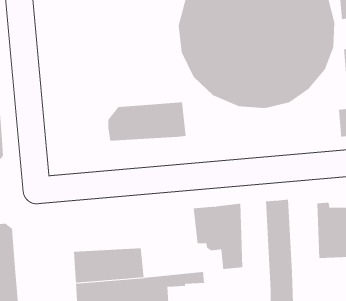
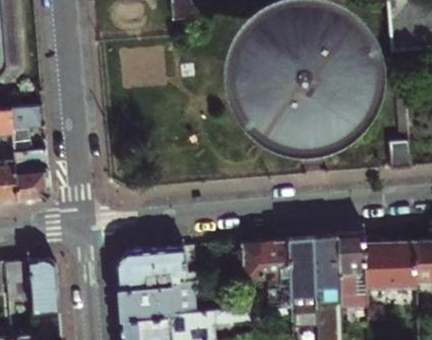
building: [108,102,187,141] -> [115,247,195,288]
building: none -> [336,232,367,309]
building: none -> [288,236,317,328]

